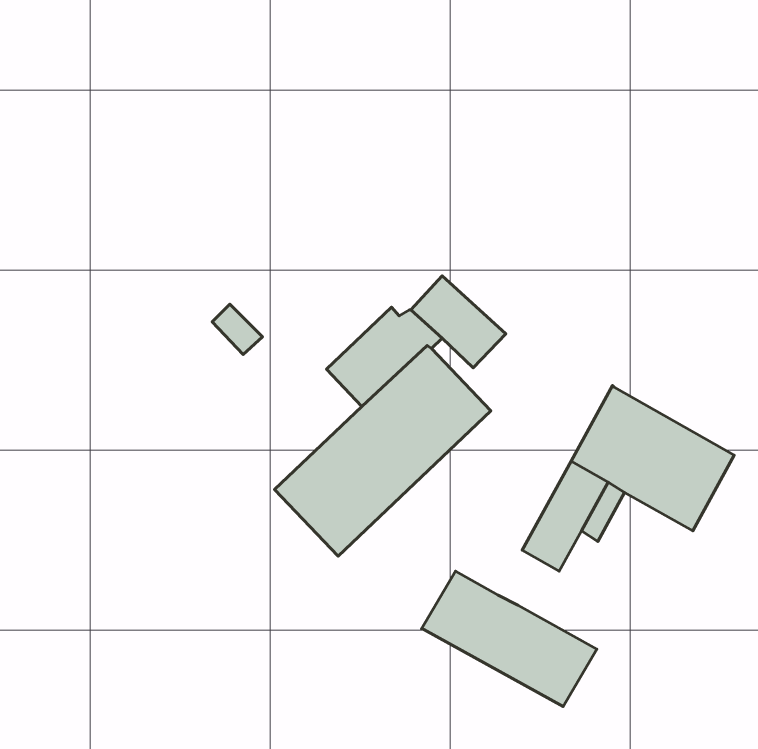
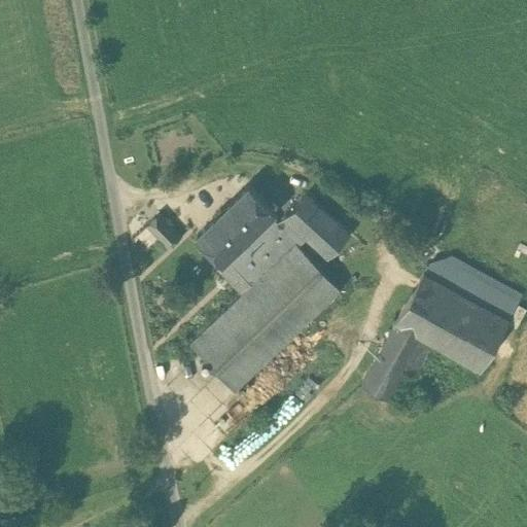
building: none -> [198,188,276,266]
building: none -> [426,261,521,322]
building: [422,571,597,707] -> none

